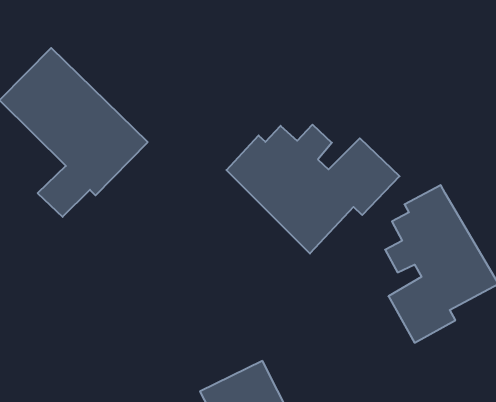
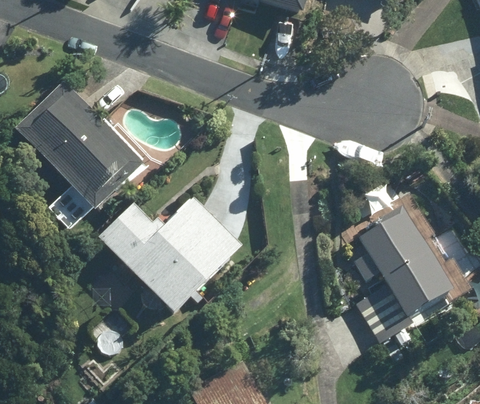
building: [226,125,400,254] -> none
building: none -> [97,196,242,312]

